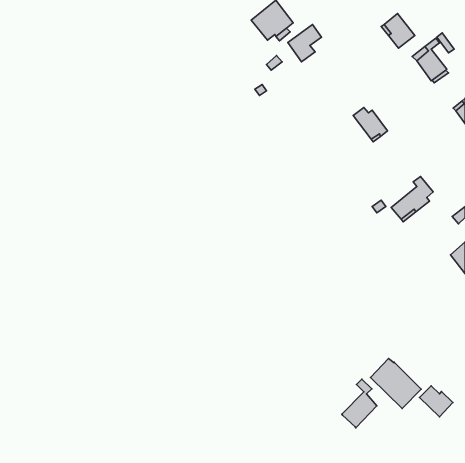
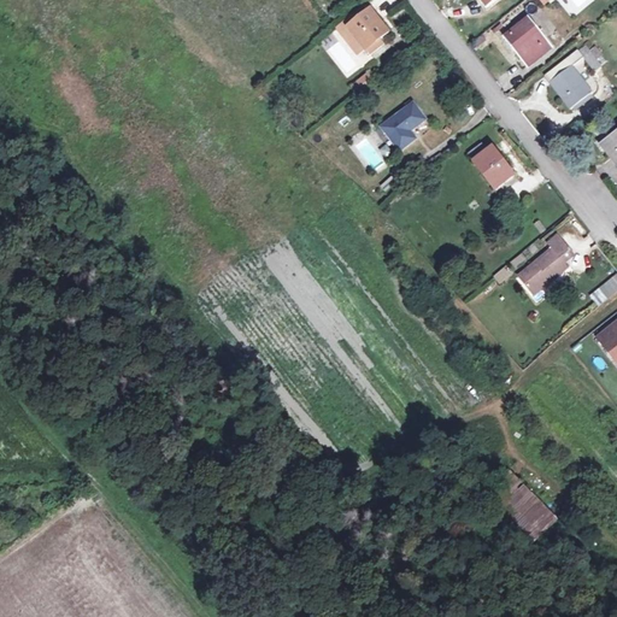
building: [288,24,322,62] -> [381,101,425,151]
building: [342,379,377,428] -> none
building: [420,386,453,417] -> none

